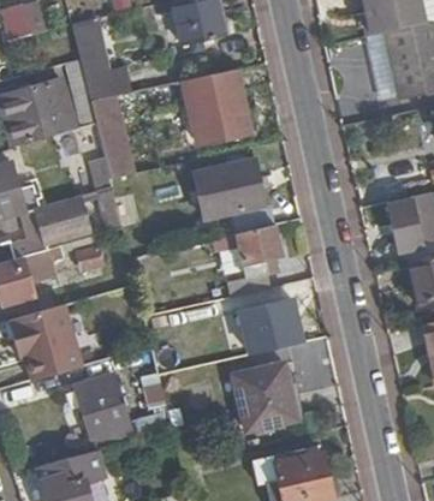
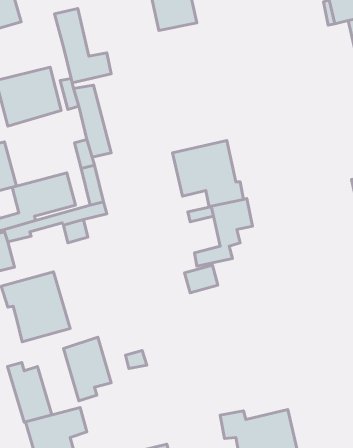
building: [186,74,249,148] -> none
building: [256,300,304,352] -> none
building: [231,363,295,433] -> none
building: none -> [7,363,52,422]

